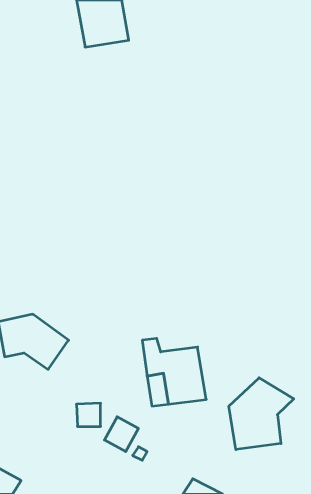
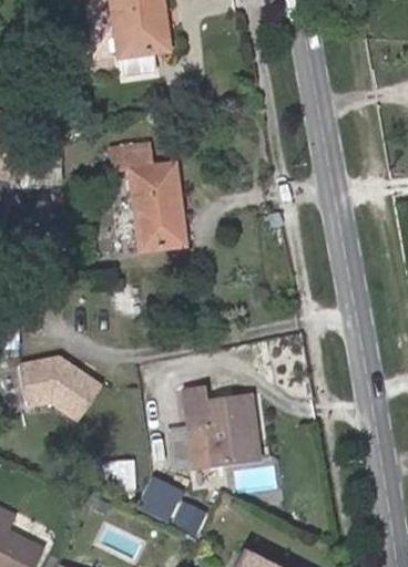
building: none -> [113,142,185,249]
building: [229,378,294,450] -> none

